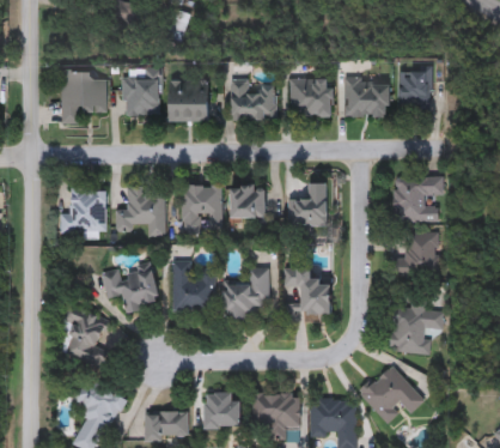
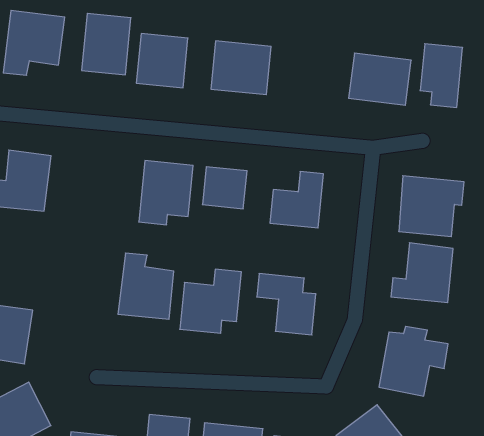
building: [288,79,331,117] -> none
building: [116,187,164,235] -> none
building: [99,264,158,309] -> none

